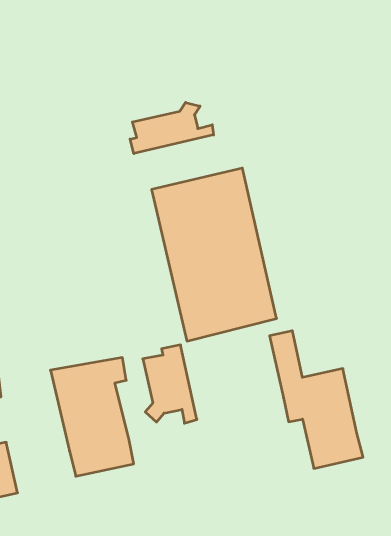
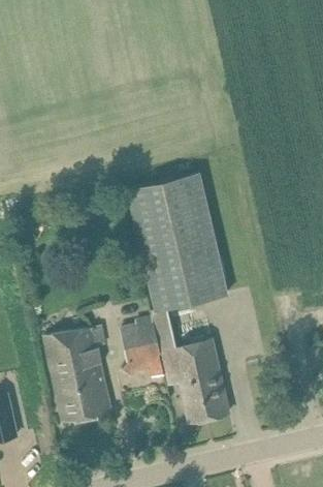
building: [130,102,214,154] -> none
building: [270,331,363,468] -> [153,311,229,424]

